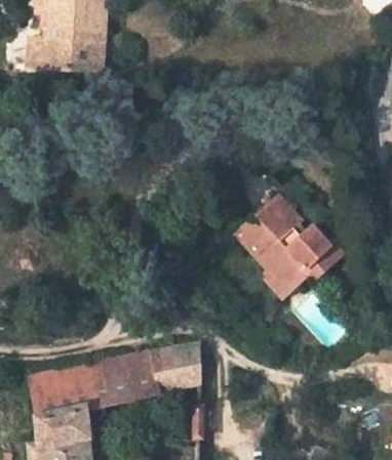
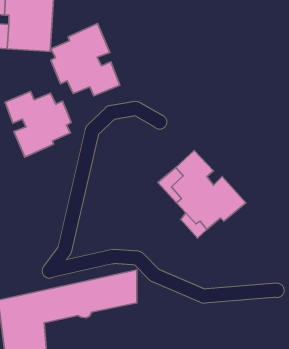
building: none -> [51,24,120,96]
building: none -> [5,91,71,157]

